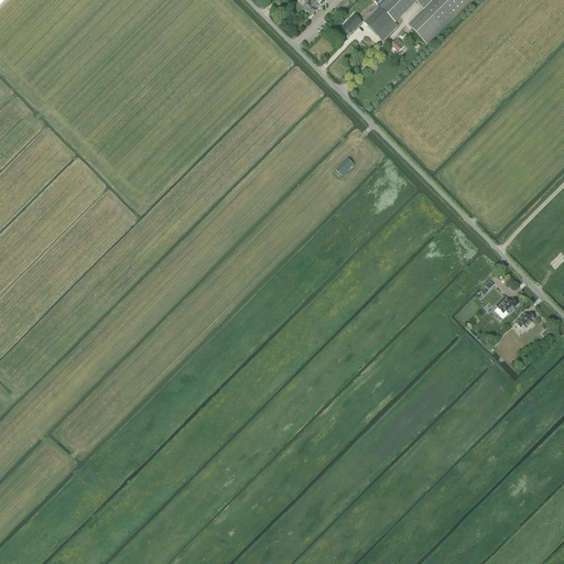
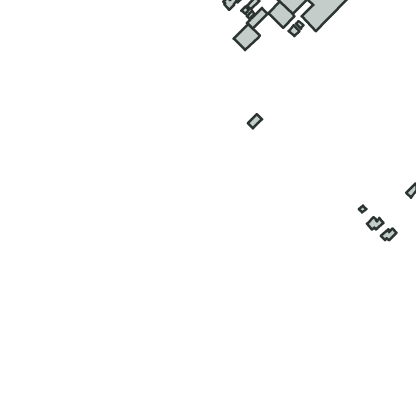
building: none -> [234,24,260,50]

